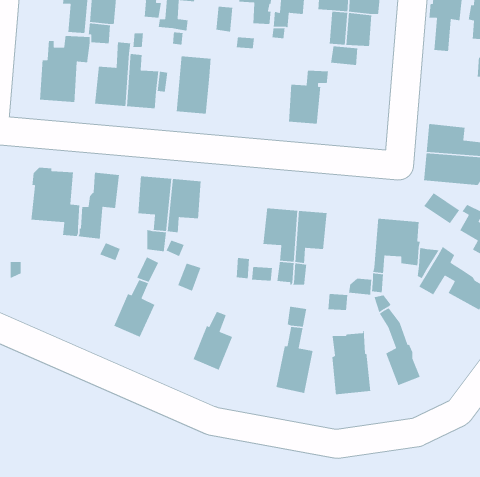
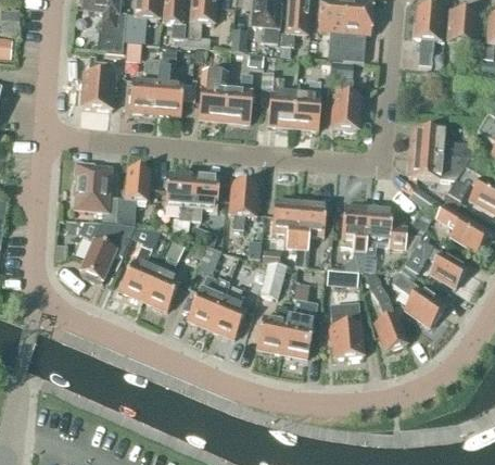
building: none -> [224,75,252,122]
building: none -> [267,78,295,126]
building: none -> [331,79,360,131]
building: none -> [229,181,258,229]
building: none -> [341,205,369,250]
building: none -> [79,223,136,281]
building: none -> [120,248,156,300]
building: none -> [258,264,287,299]
building: none -> [393,267,444,325]
building: none -> [187,276,224,328]
building: none -> [256,304,290,352]

